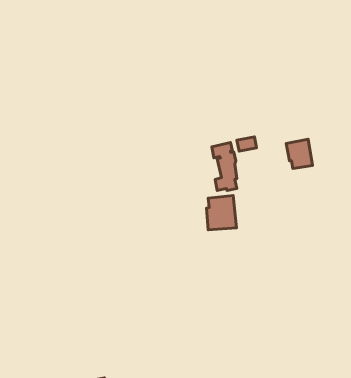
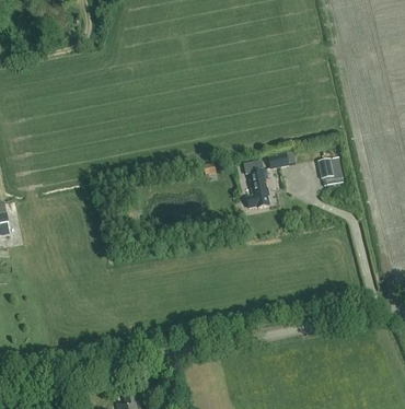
building: [207,196,237,230] -> none

